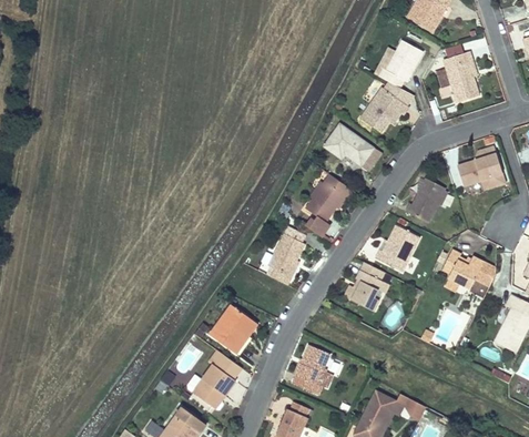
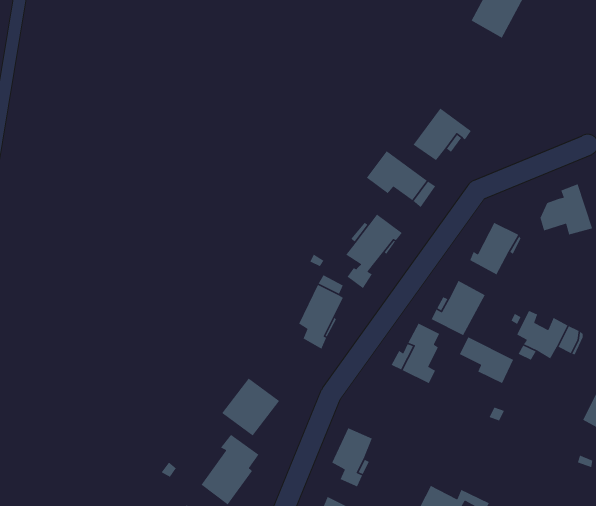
building: [379,41,424,87] -> none
building: [446,52,480,102] -> none
building: none -> [459,336,514,384]

